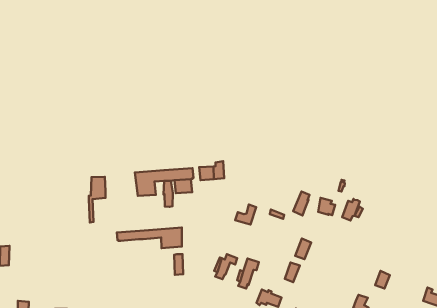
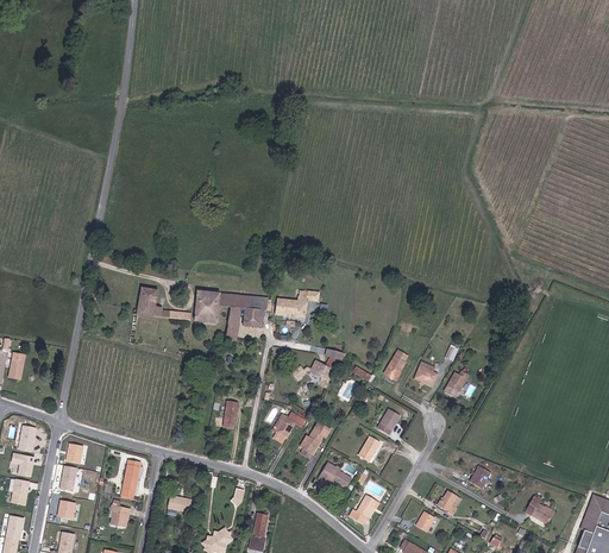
building: [117,228,182,248] -> none

